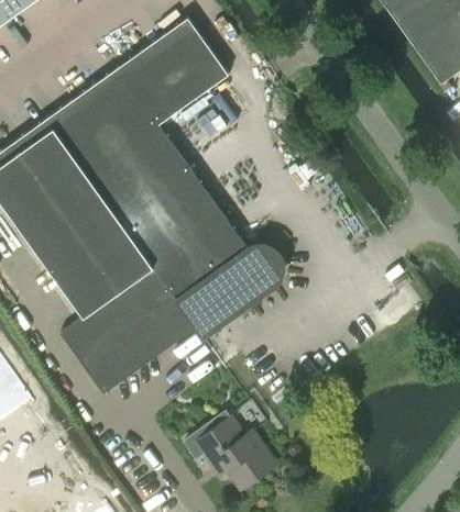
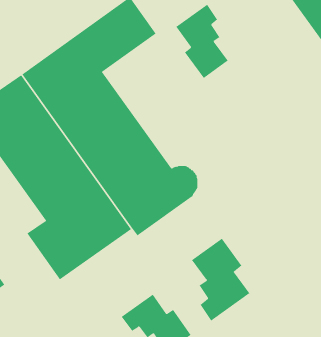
building: none -> [175,4,229,79]
building: none -> [191,238,250,321]

